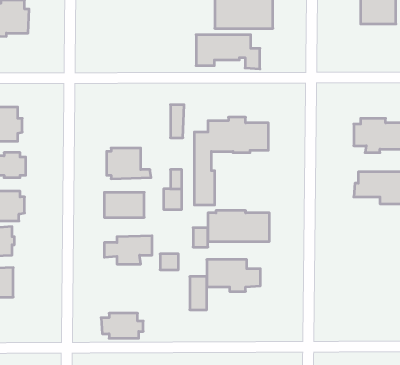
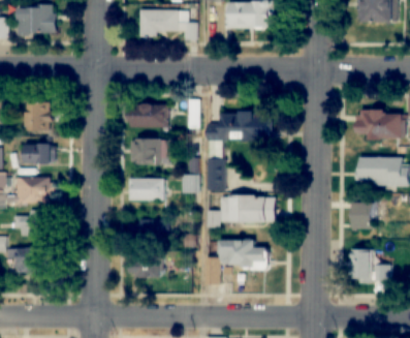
building: [196,35,260,69] -> [139,8,197,39]
building: none -> [129,100,168,128]
building: none -> [352,202,375,228]
building: none -> [350,248,390,283]
building: [101,313,143,338] -> [126,254,164,277]

